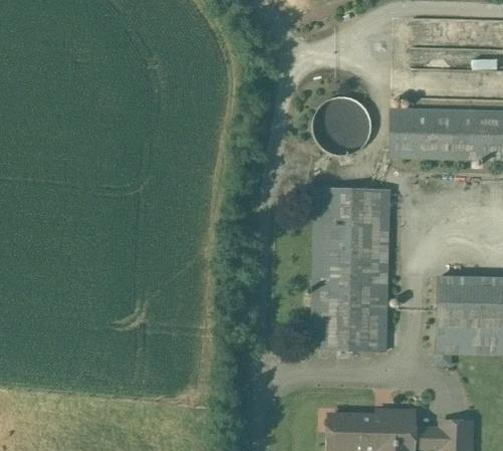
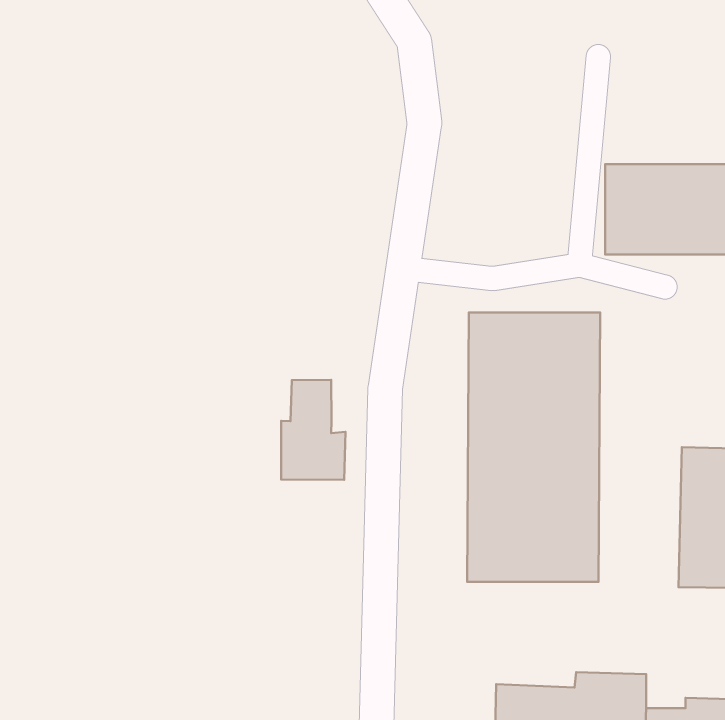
building: [315,97,371,154] -> none
building: none -> [281,380,345,480]

